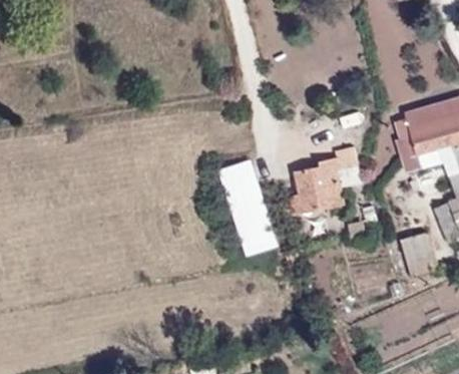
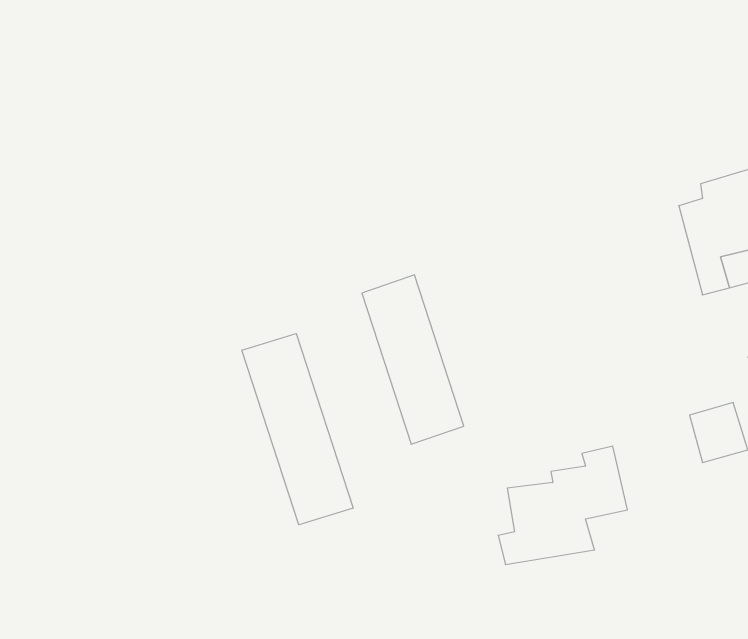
building: [292,147,363,213] -> [498,446,627,565]
building: none -> [242,334,353,525]

